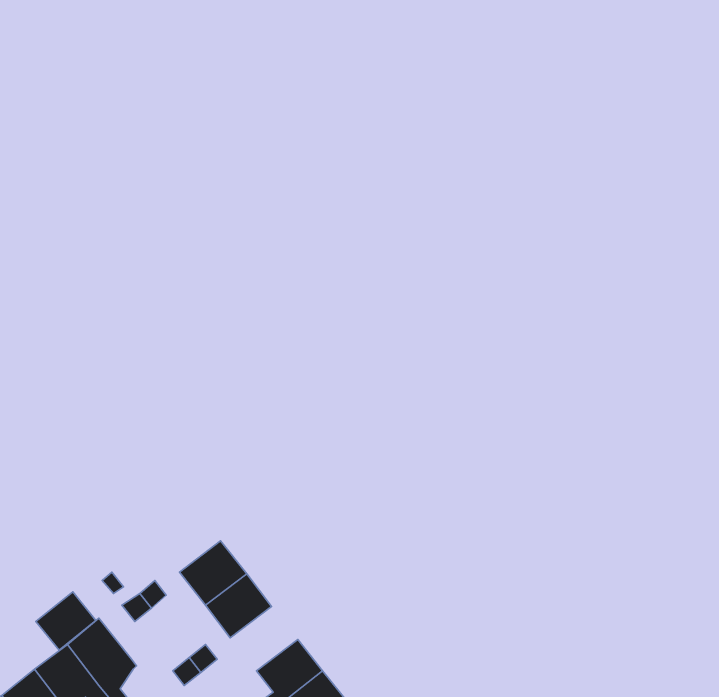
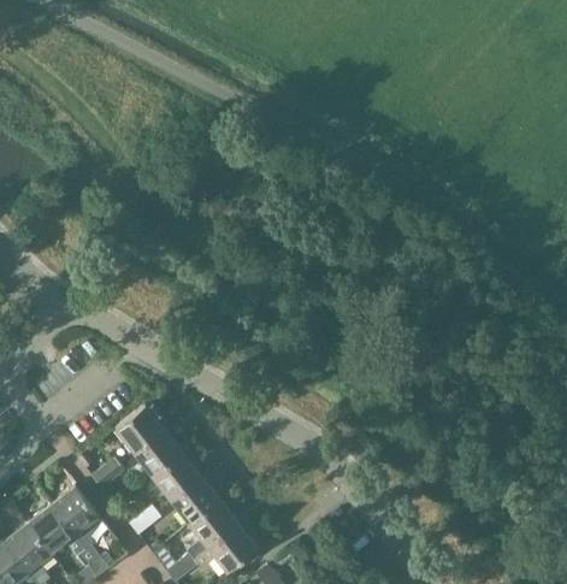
building: none -> [116,405,164,452]
building: [36,592,96,650] -> none
building: none -> [171,477,220,524]

